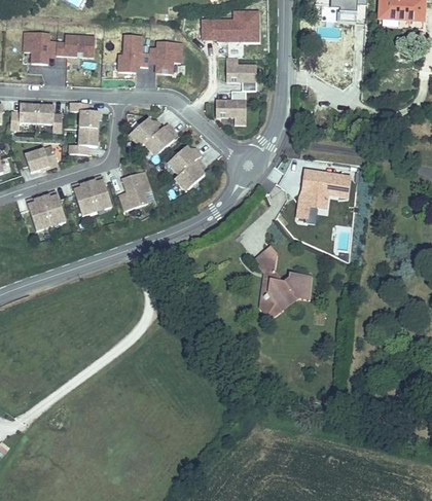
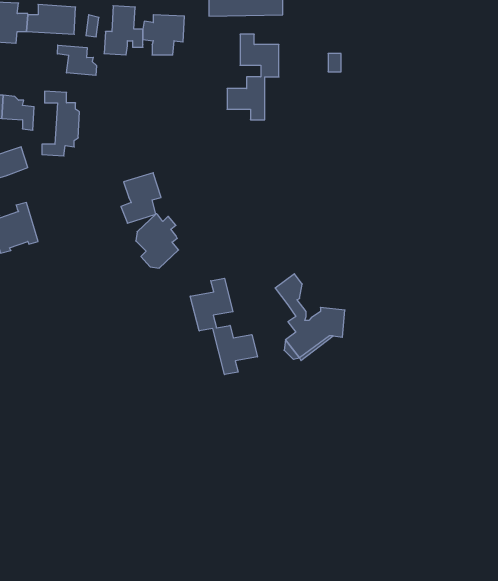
building: none -> [57,45,96,75]
building: [132,118,174,153] -> none
building: [170,146,204,189] -> [136,214,179,268]
building: [295,168,350,221] -> none
building: [71,175,111,216] -> none
building: none -> [190,278,257,375]

